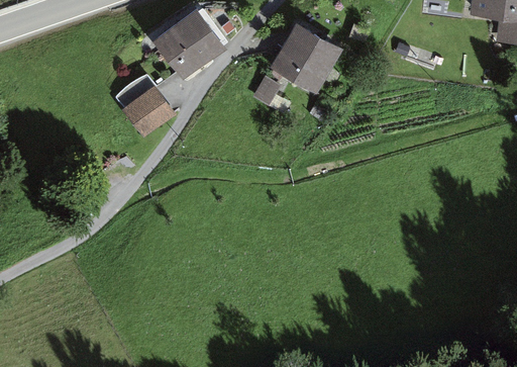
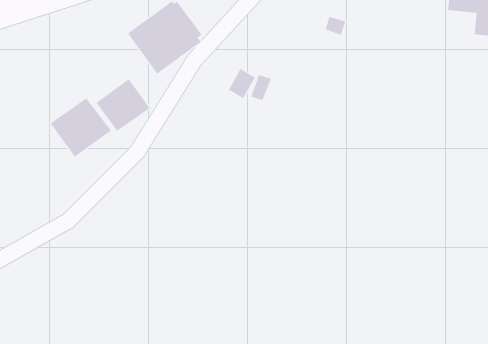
building: [270,22,342,94] -> none
building: none -> [50,97,112,158]

